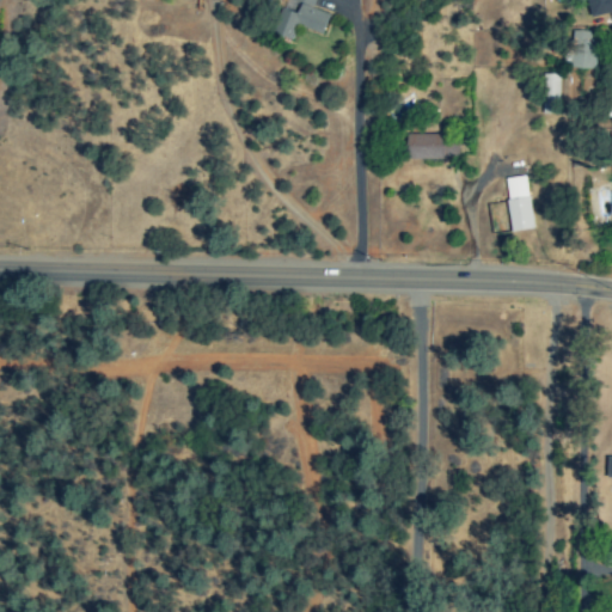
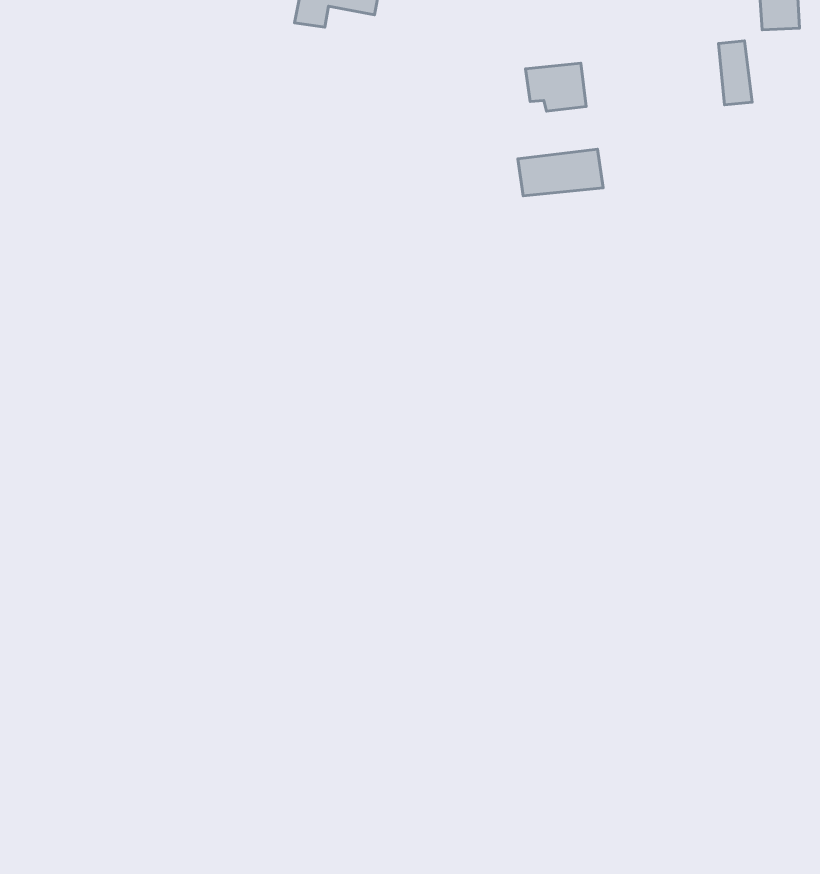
building: none -> [526,63,586,111]
building: [504,175,533,231] -> none

